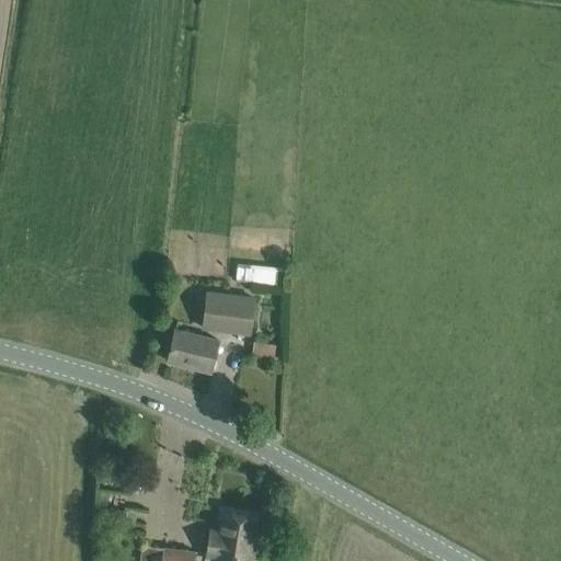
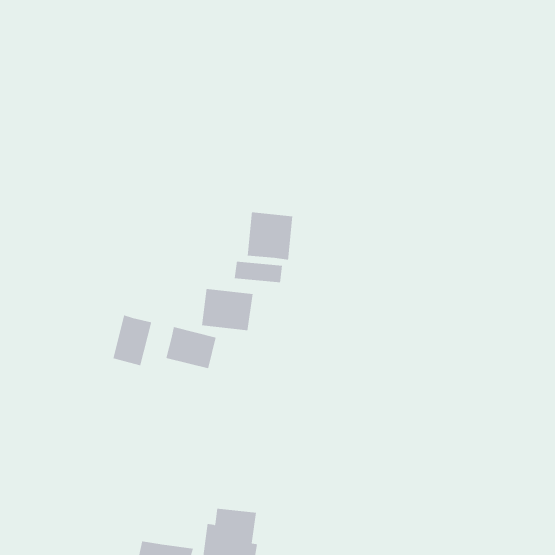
building: none -> [247,212,293,260]
building: none -> [113,315,152,366]

